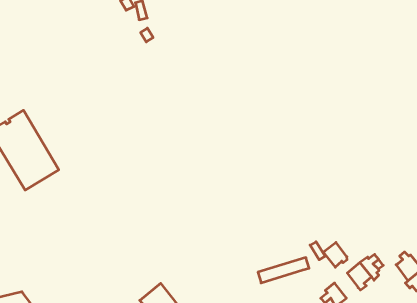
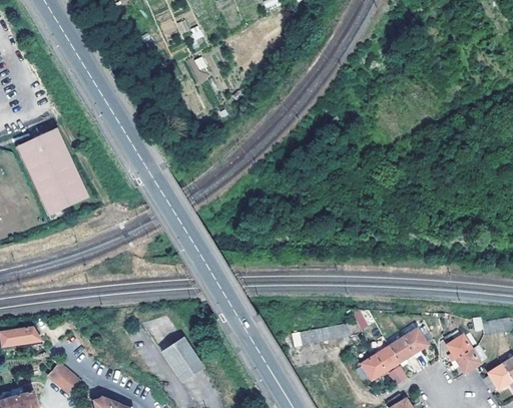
building: [323,242,347,267] -> [375,346,400,373]

